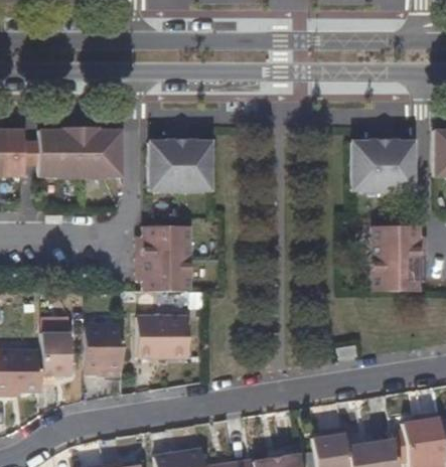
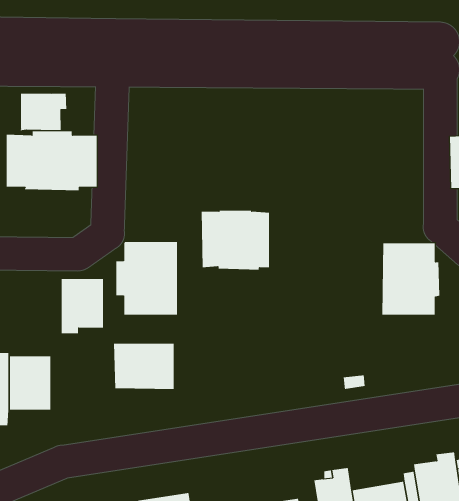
building: none -> [20,93,67,131]
building: [149,140,210,193] -> [201,210,270,270]
building: [352,140,413,193] -> none
building: [86,323,124,372] -> [61,278,104,334]

